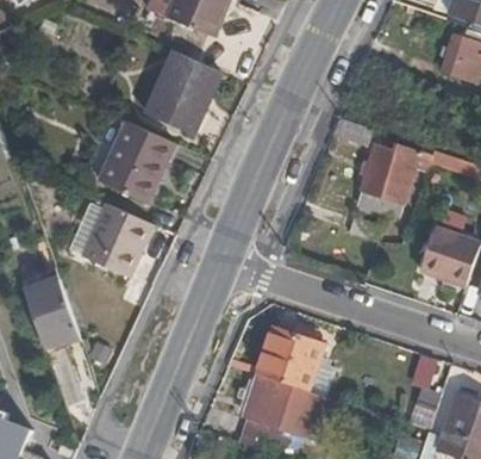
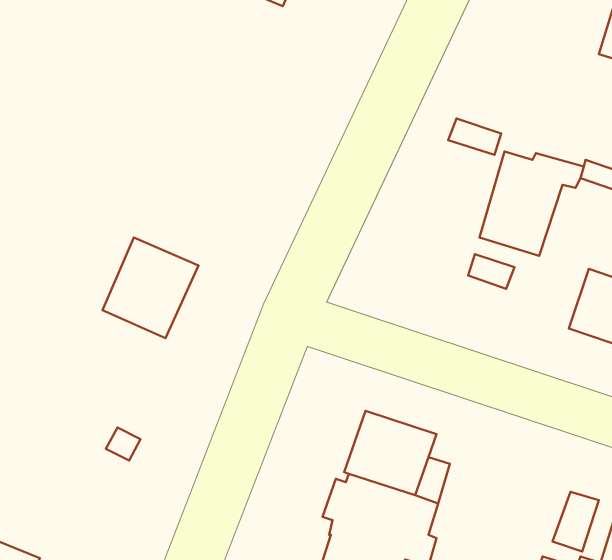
building: [144,50,220,134] -> none
building: [99,120,171,200] -> none
building: [23,278,76,346] -> none

